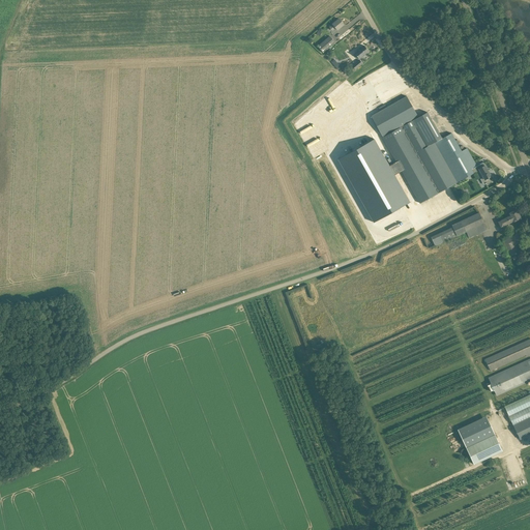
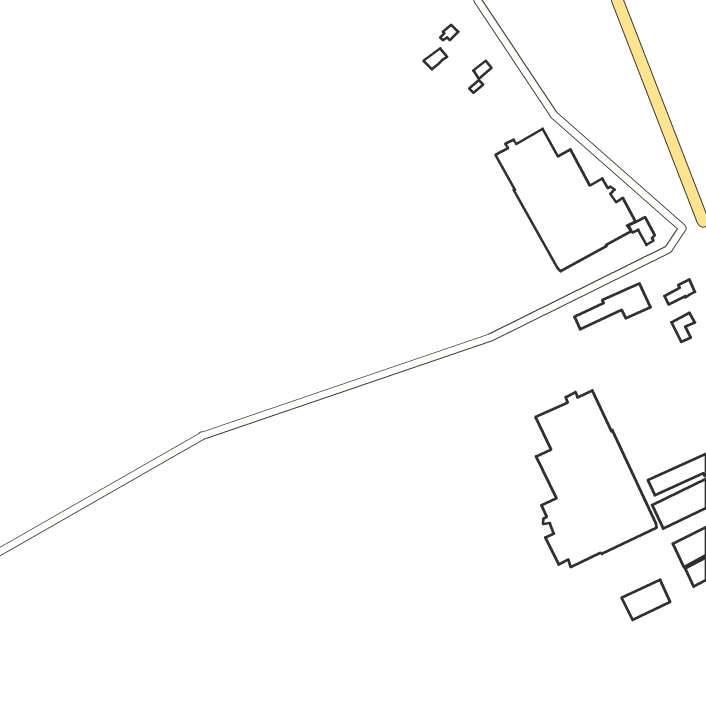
building: [341,137,411,219] -> none
building: none -> [536,390,656,567]
building: [457,416,494,447] -> none

